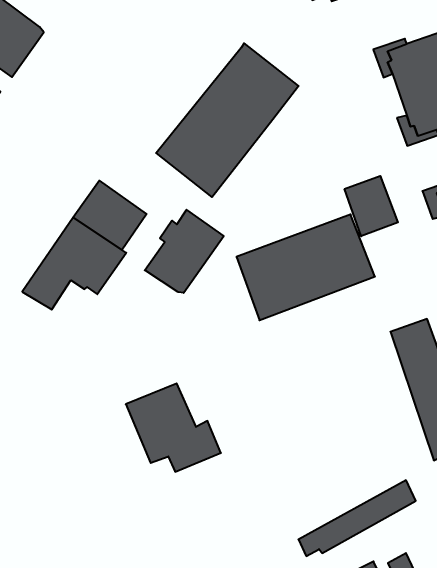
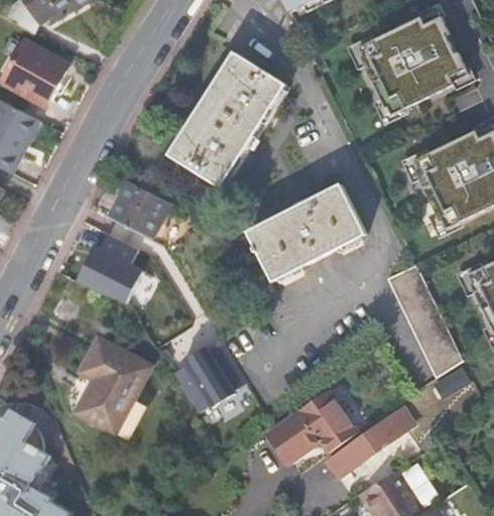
building: [345,176,398,236] -> none
building: [145,210,224,293] -> none
building: none -> [76,334,154,432]
building: none -> [269,395,357,465]

